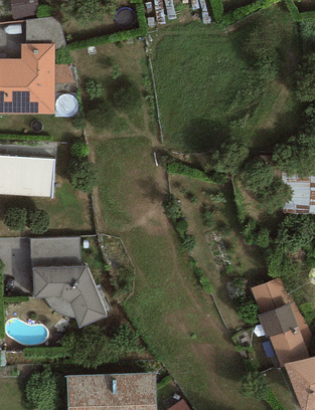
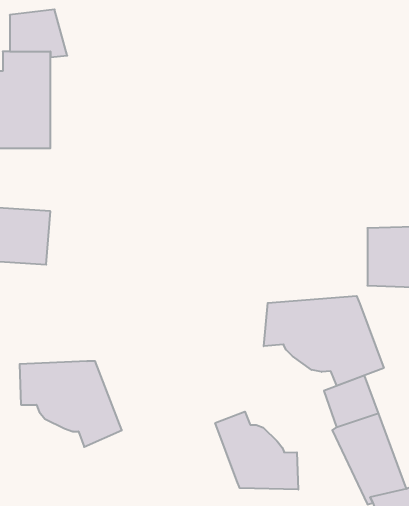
building: none -> [264,296,384,386]
building: [30,236,81,268] -> none
building: none -> [215,412,298,490]

